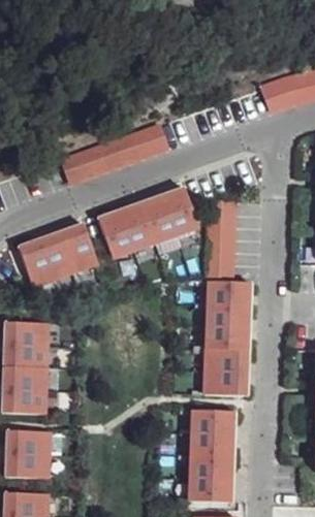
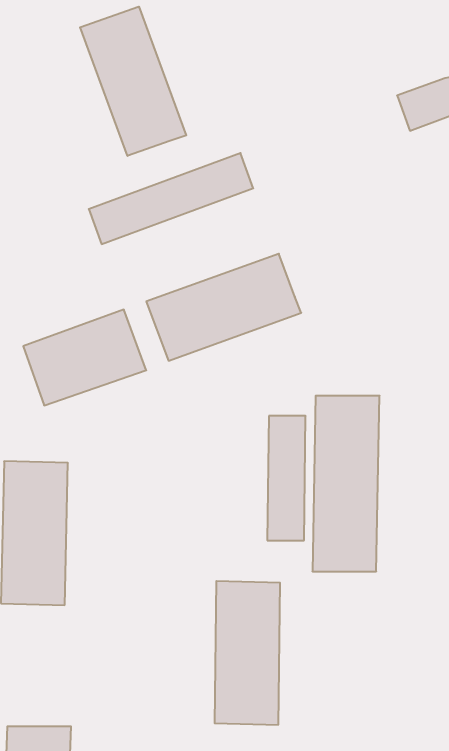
building: none -> [80,7,186,156]
building: [207,200,231,281] -> [267,416,306,540]
building: [192,409,234,502] -> [215,581,280,725]
building: [8,432,51,479] -> none

